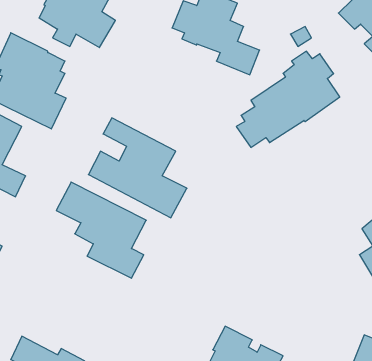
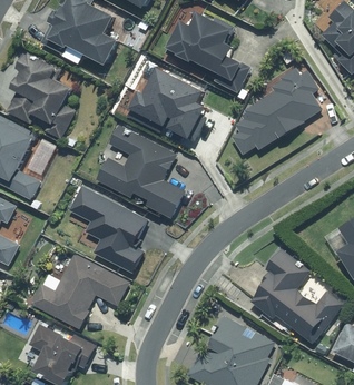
building: none -> [132,67,210,139]
building: none -> [27,139,56,176]
building: none -> [257,250,343,343]
building: none -> [28,255,127,330]

